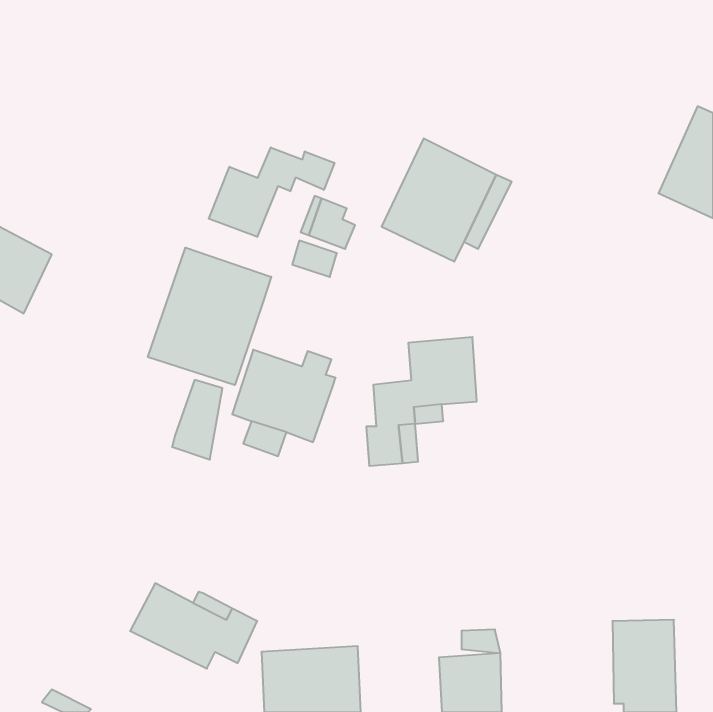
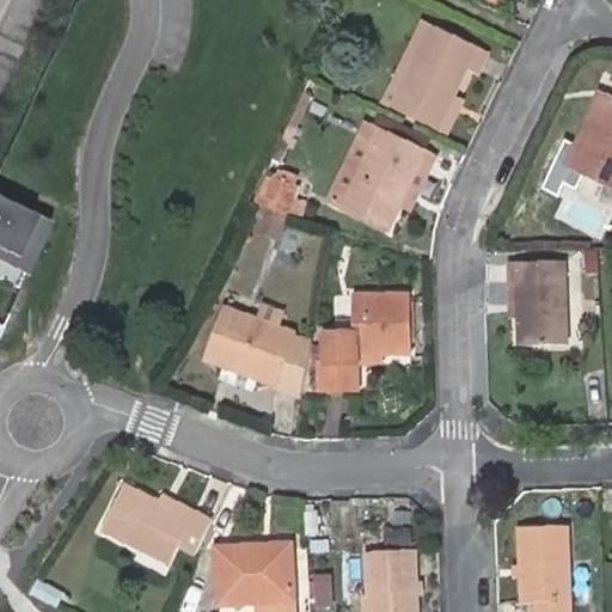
building: none -> [384,25,466,131]
building: [209,147,334,237] -> none
building: [148,248,271,385] -> none
building: none -> [507,259,565,349]
building: [172,380,222,460] -> [265,330,308,398]

